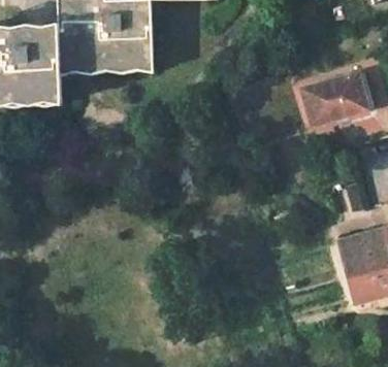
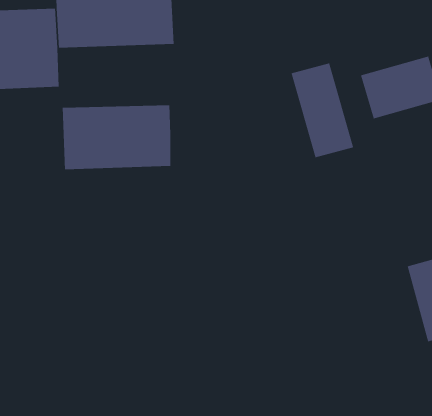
building: none -> [291,62,354,158]
building: none -> [62,104,171,170]

